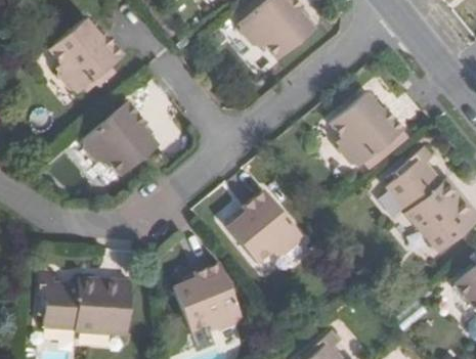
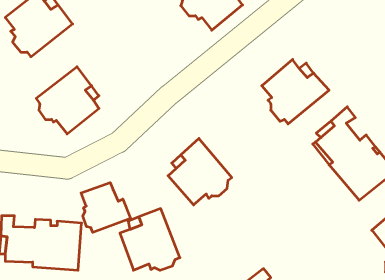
building: none -> [81,183,130,232]

